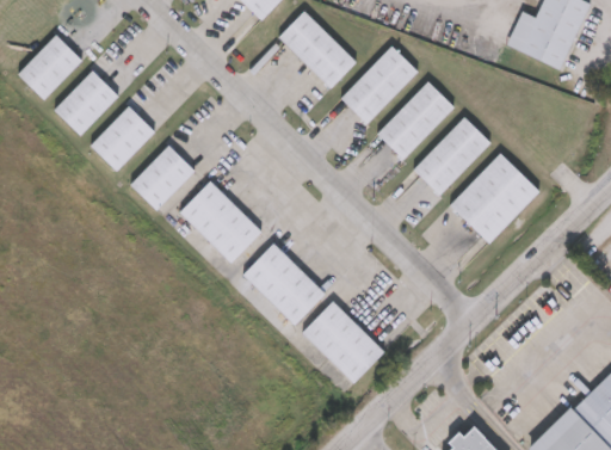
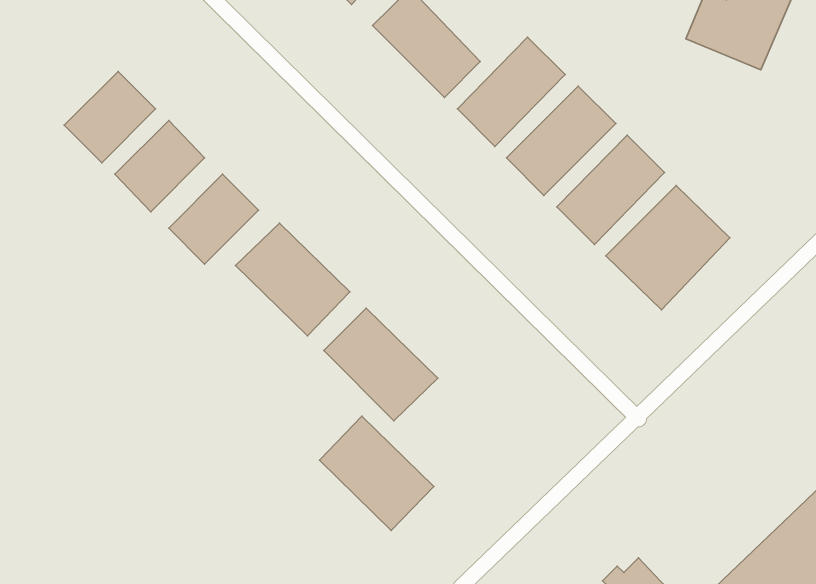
building: [17,33,84,100] -> none
building: [301,300,384,383] -> [319,416,434,530]

